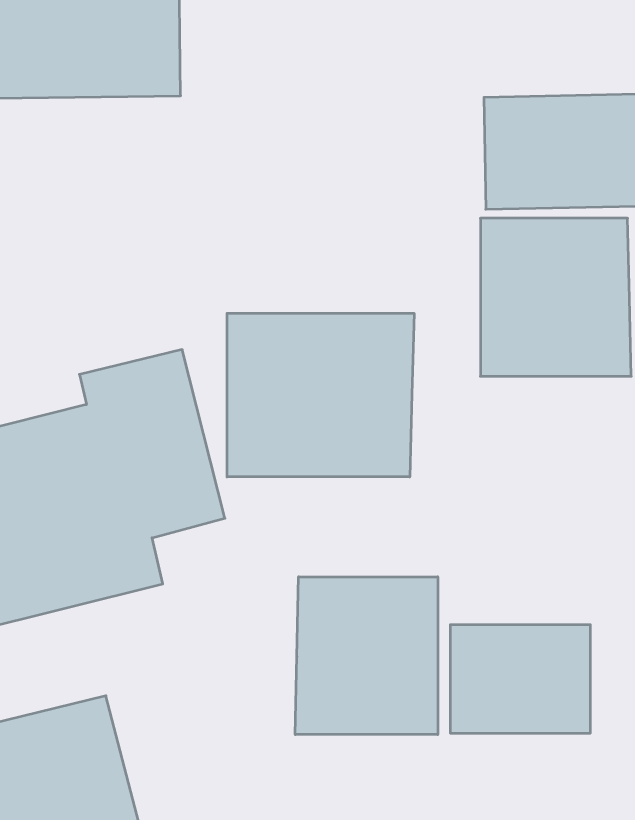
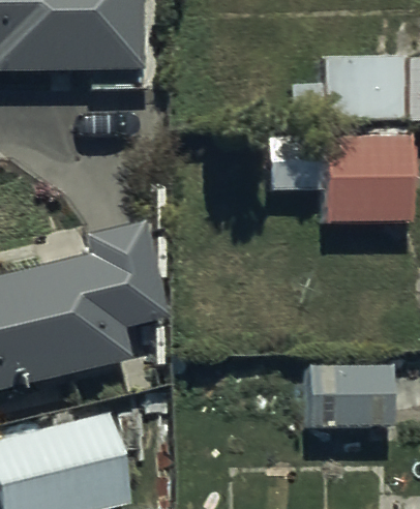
building: [227,313,414,477] -> none
building: [295,577,438,735] -> none

